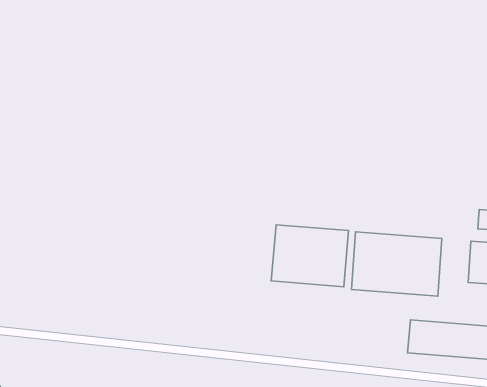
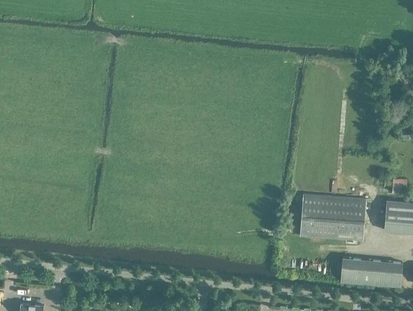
building: [271,225,349,287] -> none

